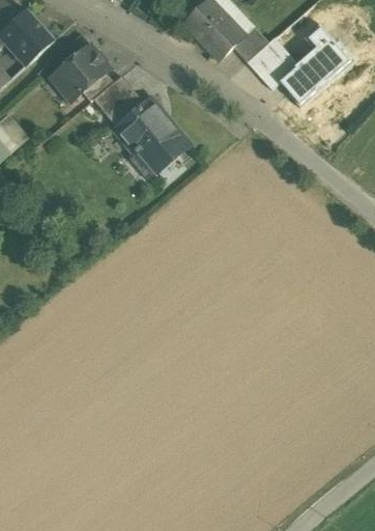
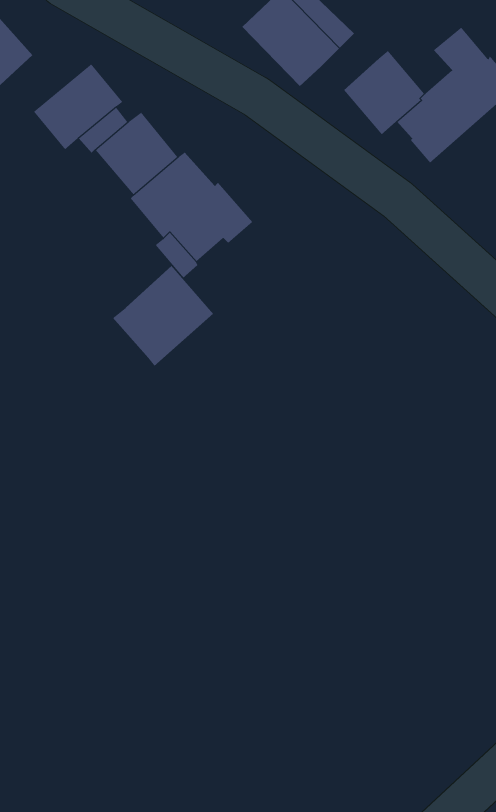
building: [232,26,267,61] -> none
building: none -> [112,265,214,367]

